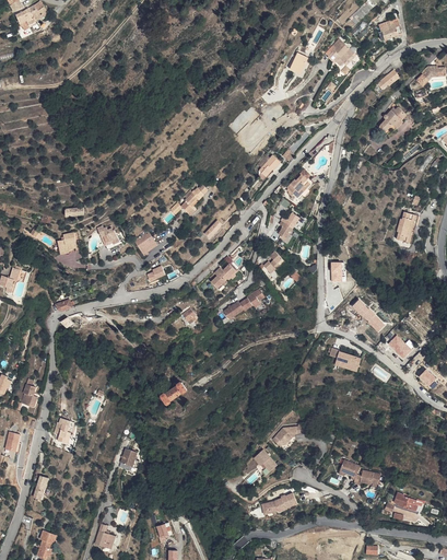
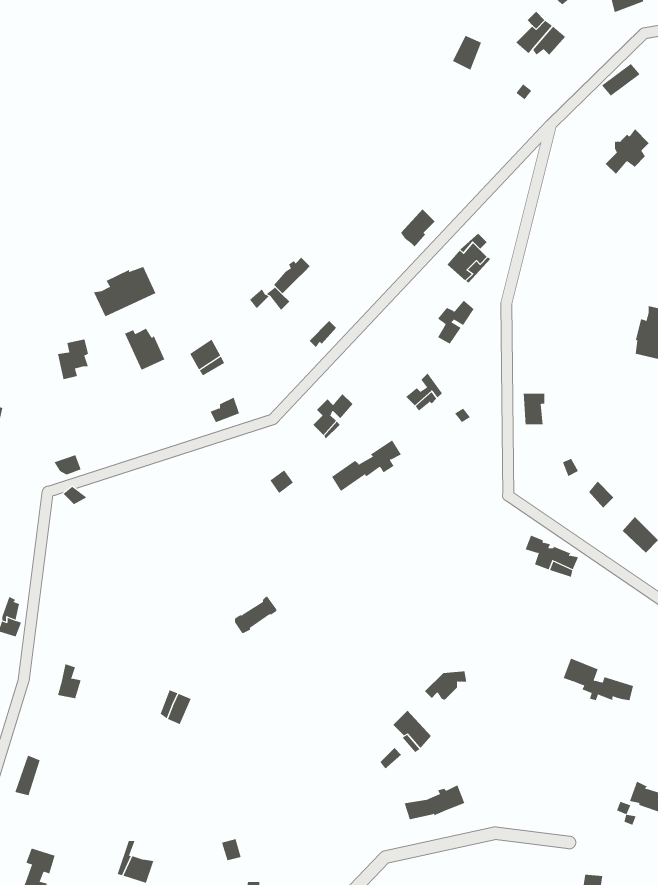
building: none -> [93,266,156,317]
building: [339,459,380,485] -> [563,658,634,701]

